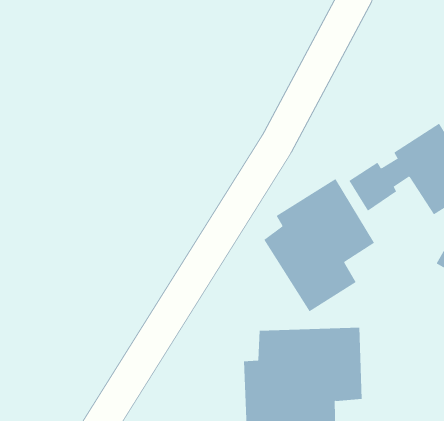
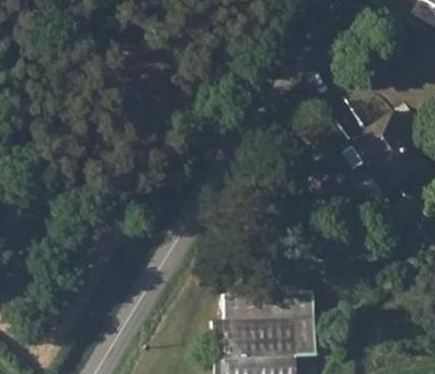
building: [263,178,375,312] -> none

